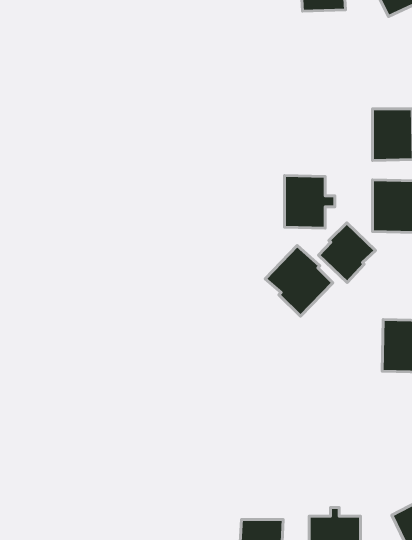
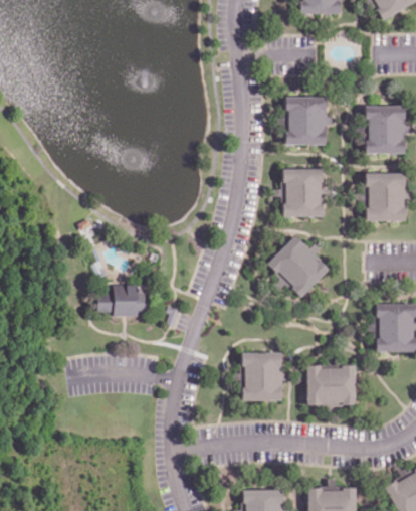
building: none -> [287,96,333,145]
building: [319,223,375,283] -> none
building: none -> [98,285,149,316]
building: none -> [243,352,282,400]
building: none -> [307,366,355,406]

